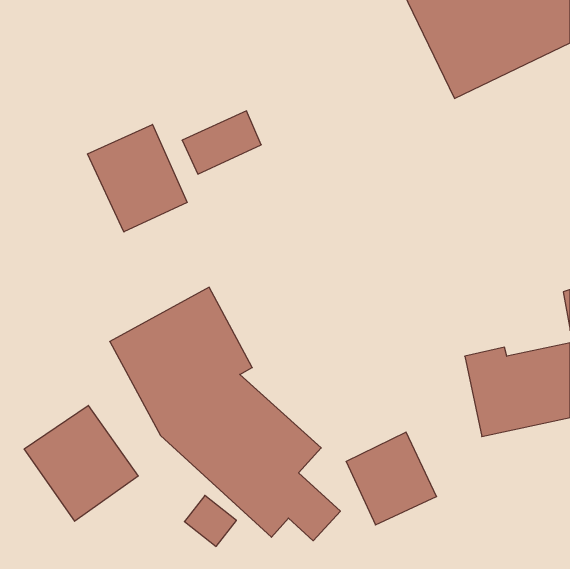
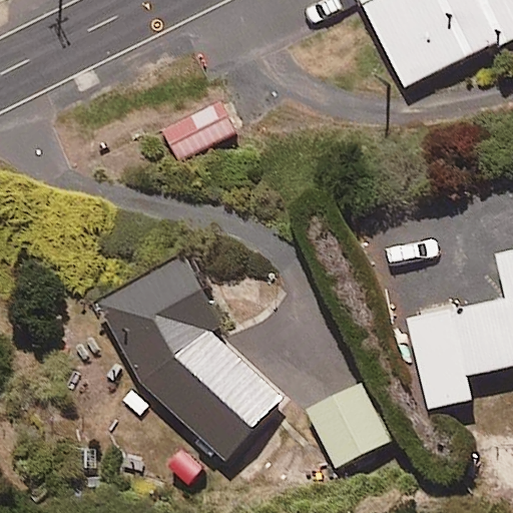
building: [88,124,187,232] -> none
building: [24,405,138,521] -> none

